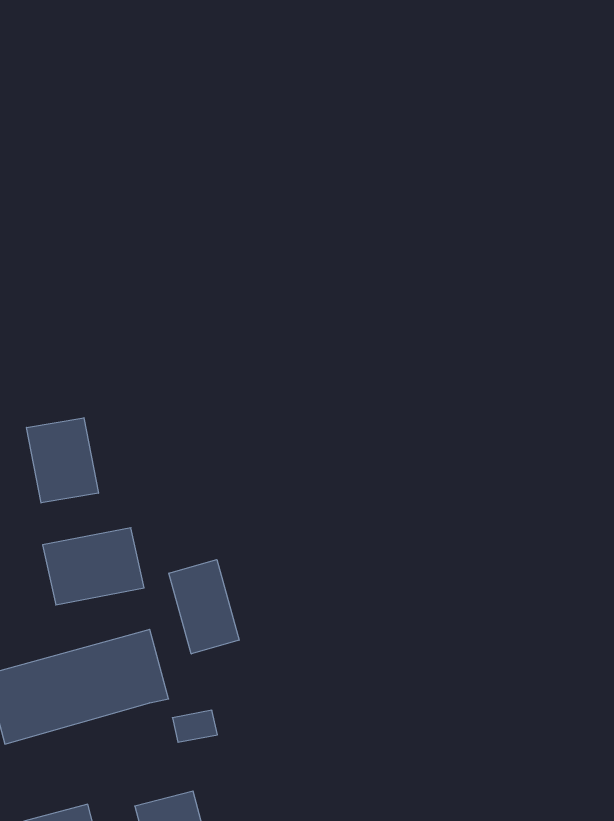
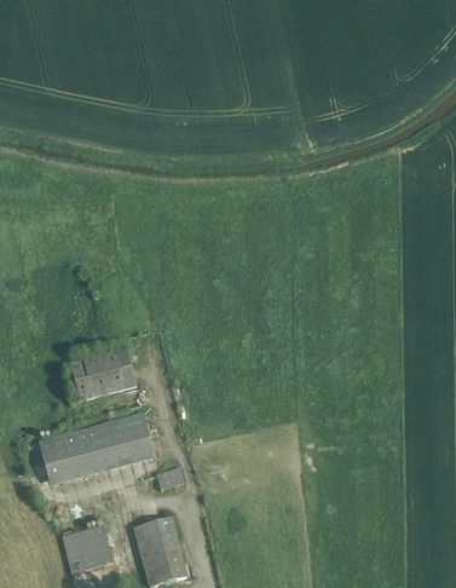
building: [27,418,98,503] -> none
building: [169,560,239,654] -> none

